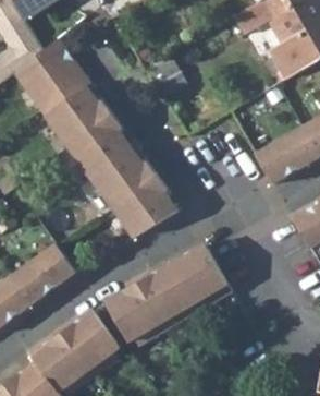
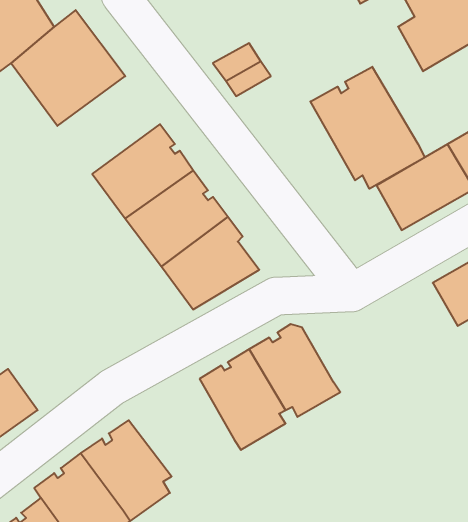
building: none -> [310,67,425,189]
building: [45,82,112,146] -> none
building: [12,243,75,302] -> none
building: [104,281,165,346] -> none

